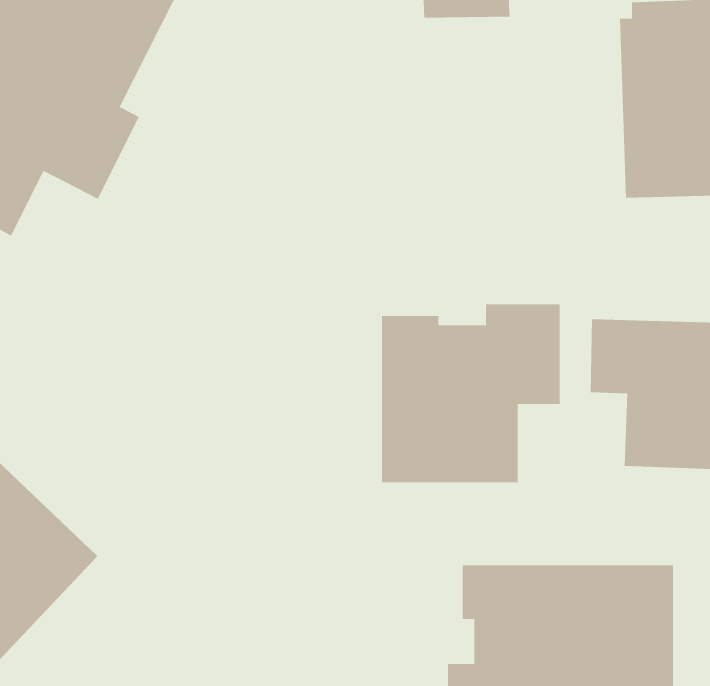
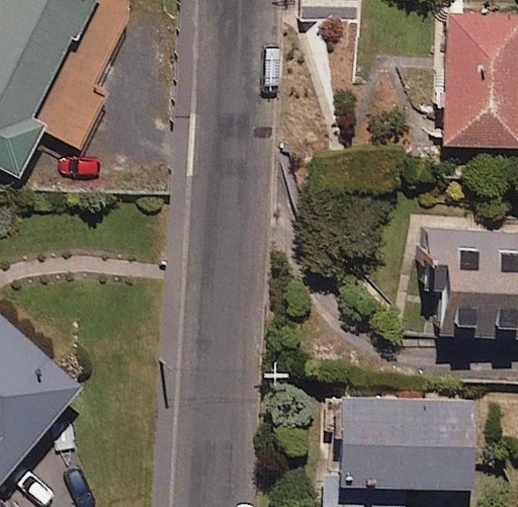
building: [381,304,560,483] -> none

